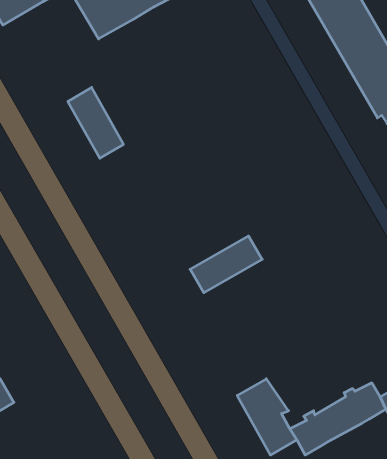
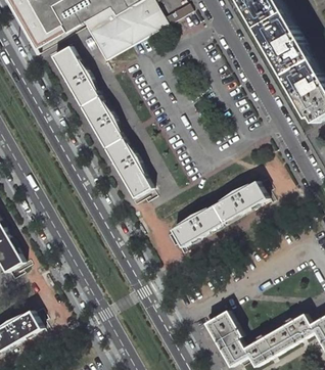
building: none -> [50,46,97,106]
building: none -> [103,138,150,198]
building: none -> [213,181,266,223]

